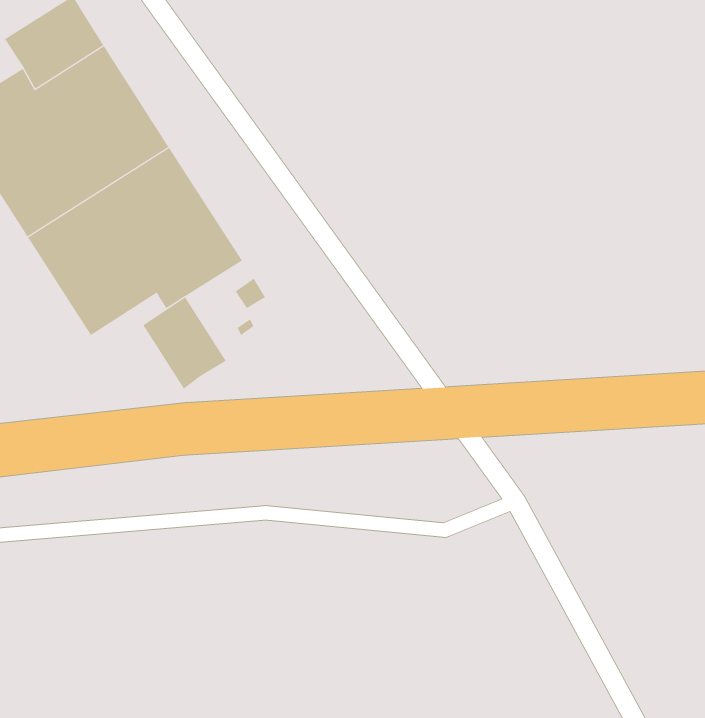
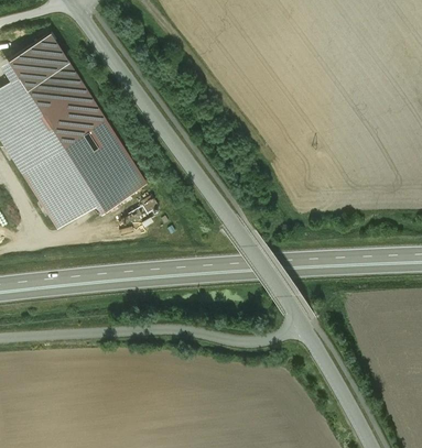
building: [143,297,226,389] -> none

